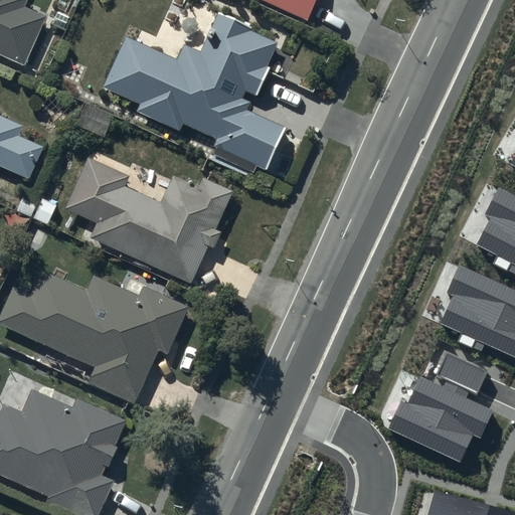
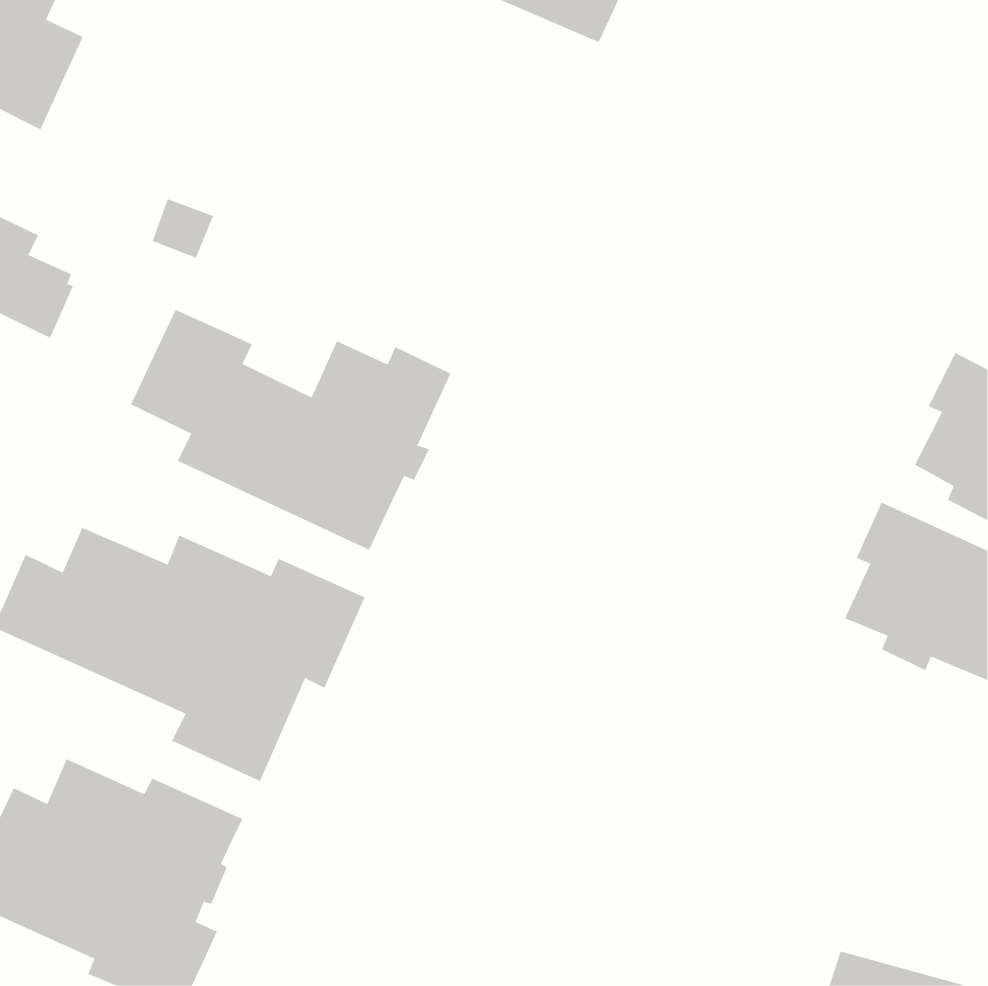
building: [106,13,287,172] -> none
building: [385,346,490,458] -> none

